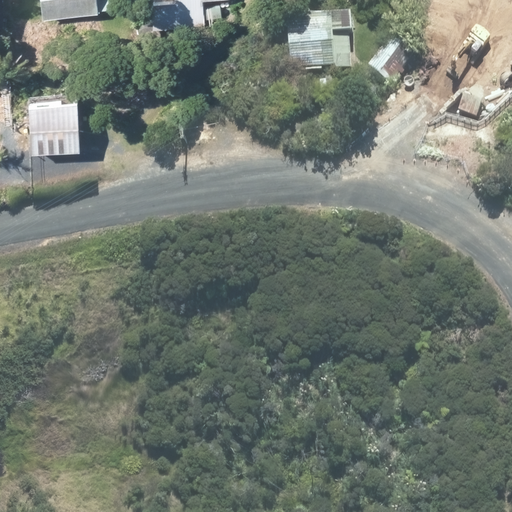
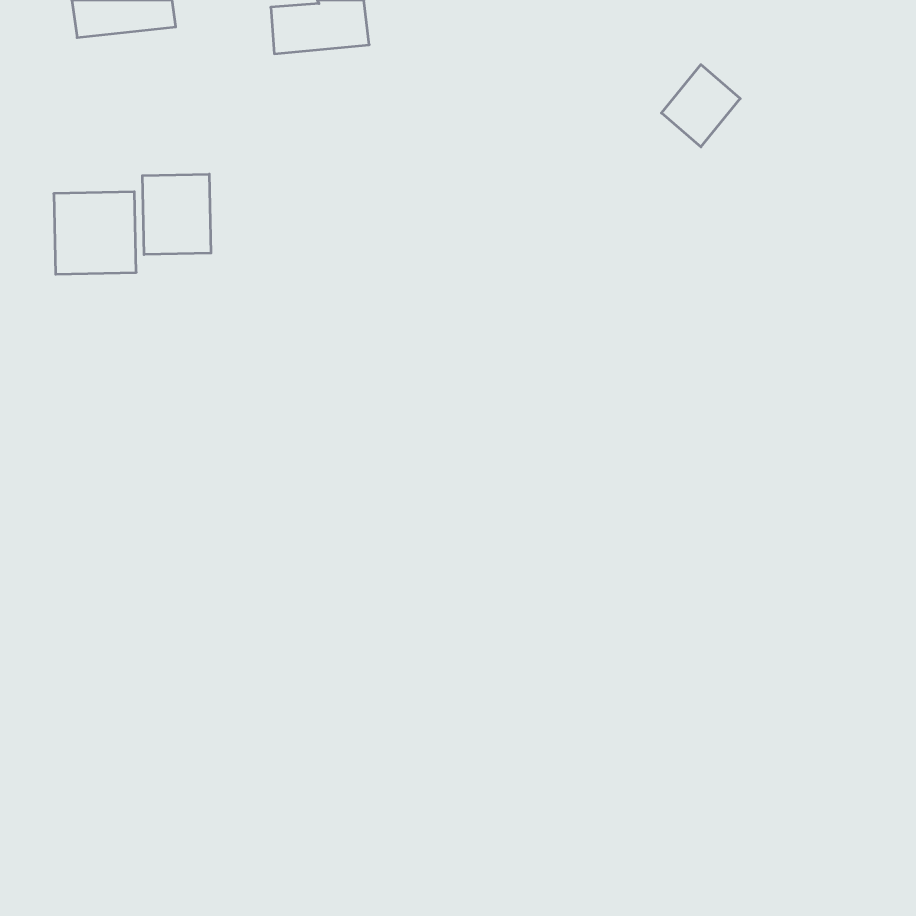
building: [288,15,355,65] -> none
building: none -> [142,174,211,255]

